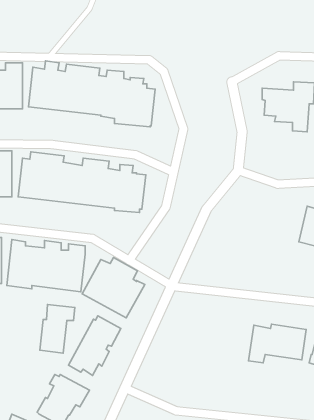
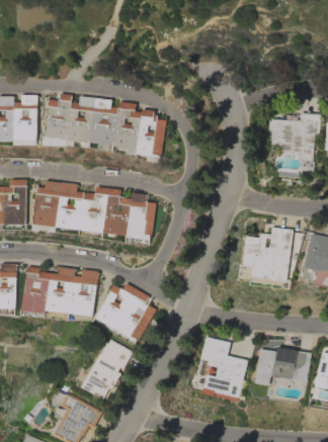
building: none -> [242,228,292,282]
building: [40,304,75,353] -> none
building: none -> [200,337,248,399]

